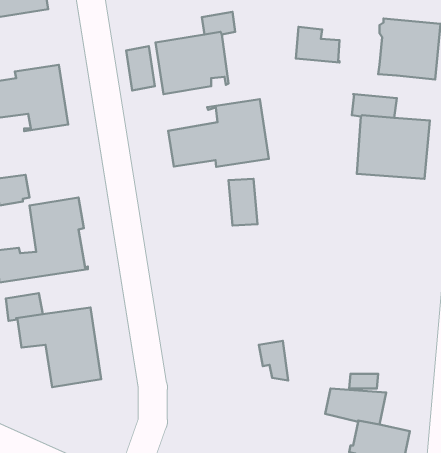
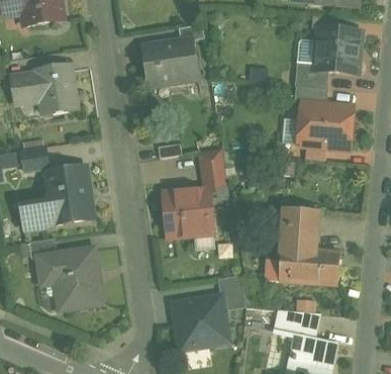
building: [296,27,339,63] -> [294,61,327,88]
building: [126,46,155,90] -> none
building: [168,99,269,167] -> none
building: none -> [164,188,213,237]
building: none -> [279,208,339,284]
building: none -> [173,296,226,348]

